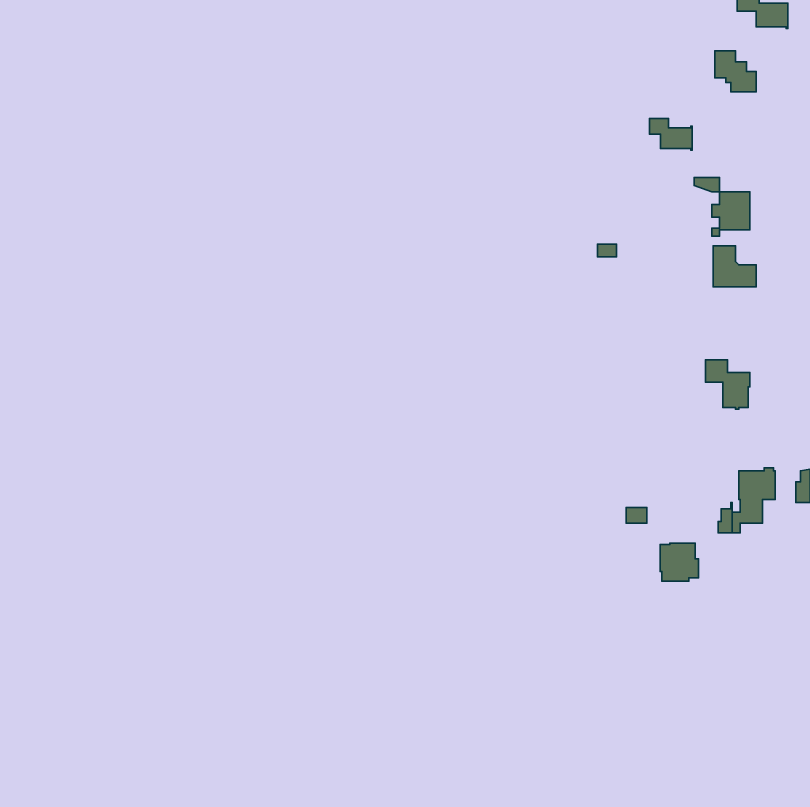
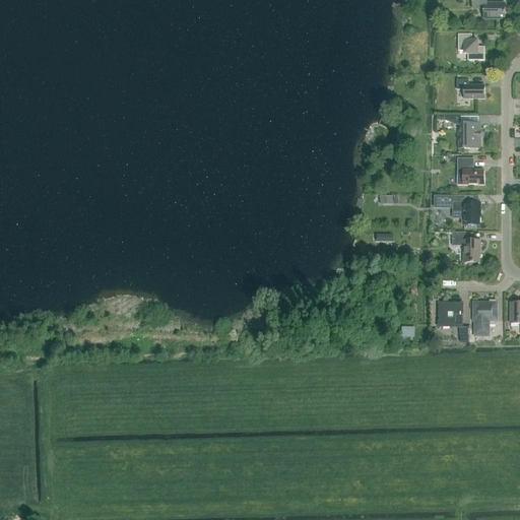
building: [650,118,692,150] -> [457,78,484,99]
building: none -> [439,195,480,223]
building: [660,543,698,581] -> [439,302,463,326]

